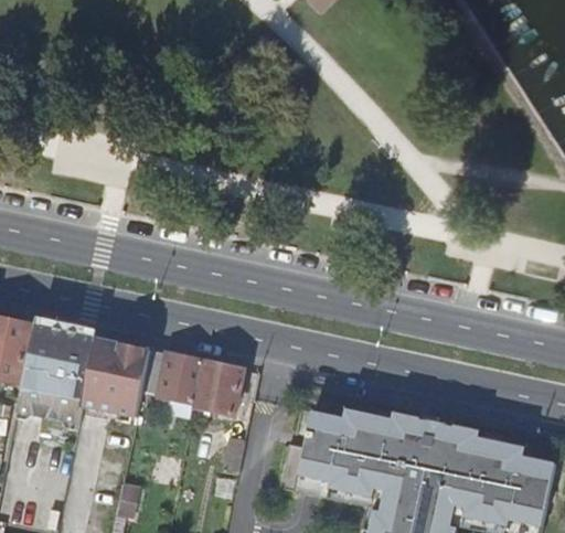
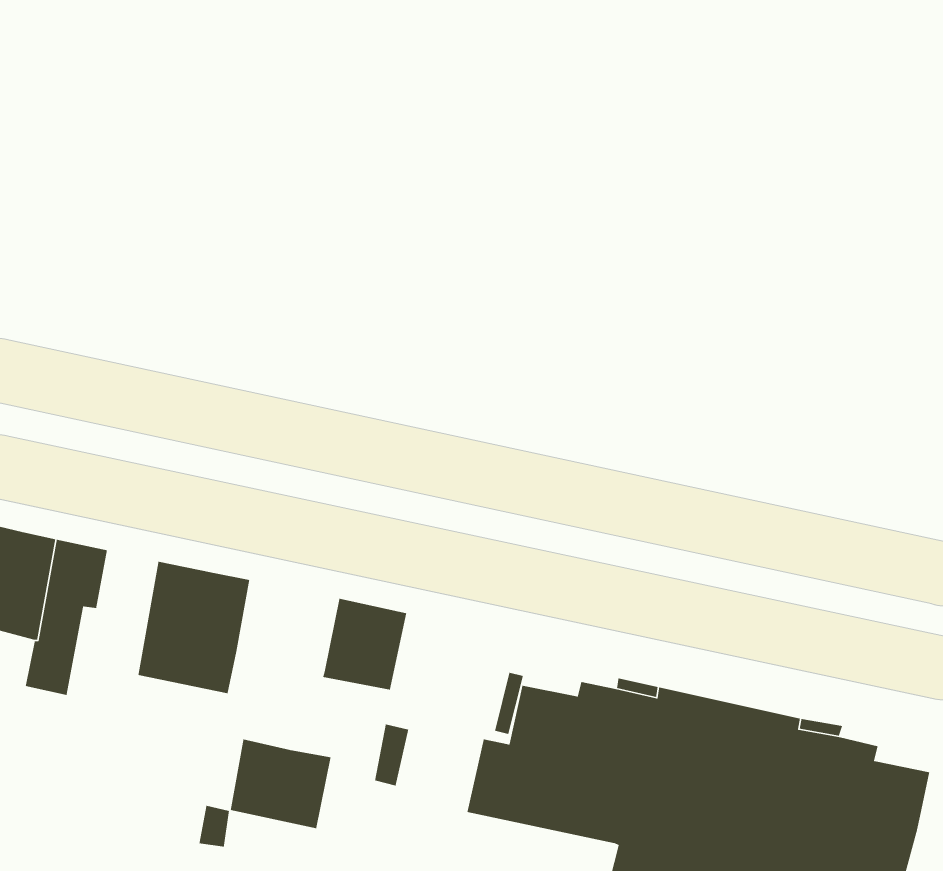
building: [41,330,95,424] -> none
building: [142,348,203,402] -> [230,738,332,829]

